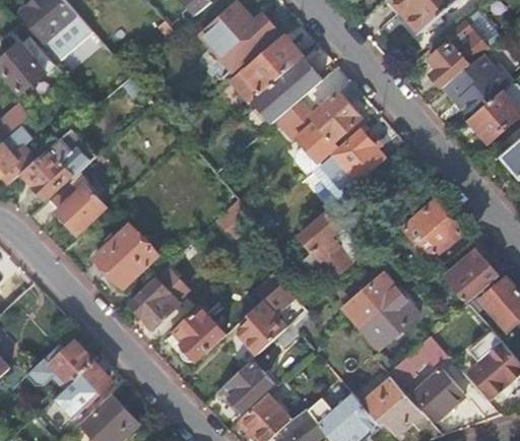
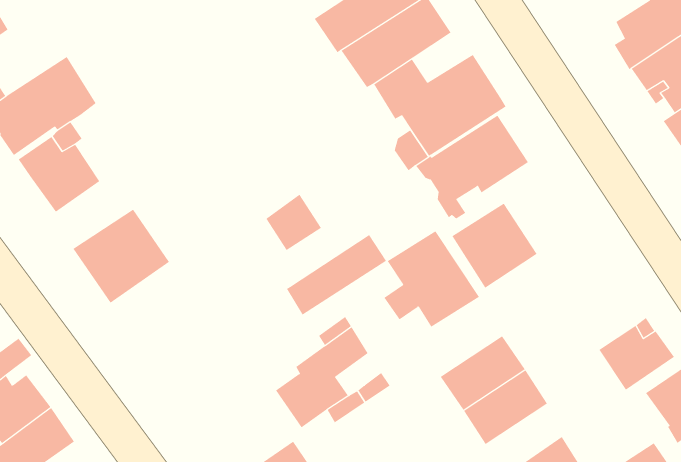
building: [402,201,460,259] -> [452,203,538,289]
building: none -> [286,234,387,316]
building: [129,265,188,328] -> none
building: [174,307,224,360] -> none

